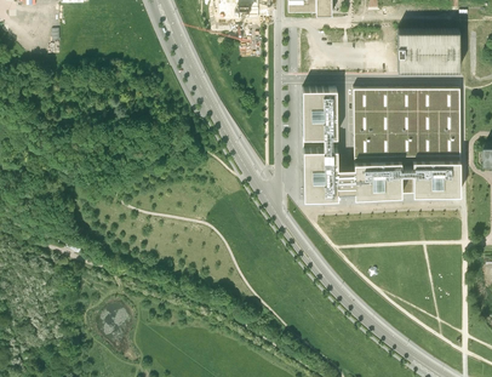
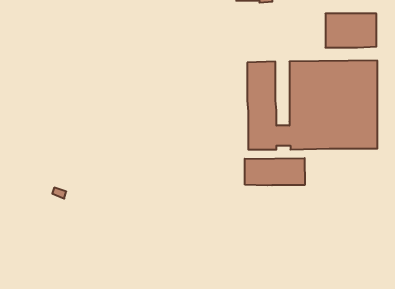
building: none -> [245,158,305,185]

